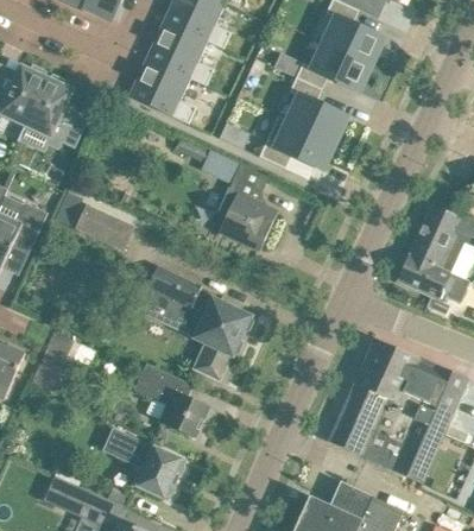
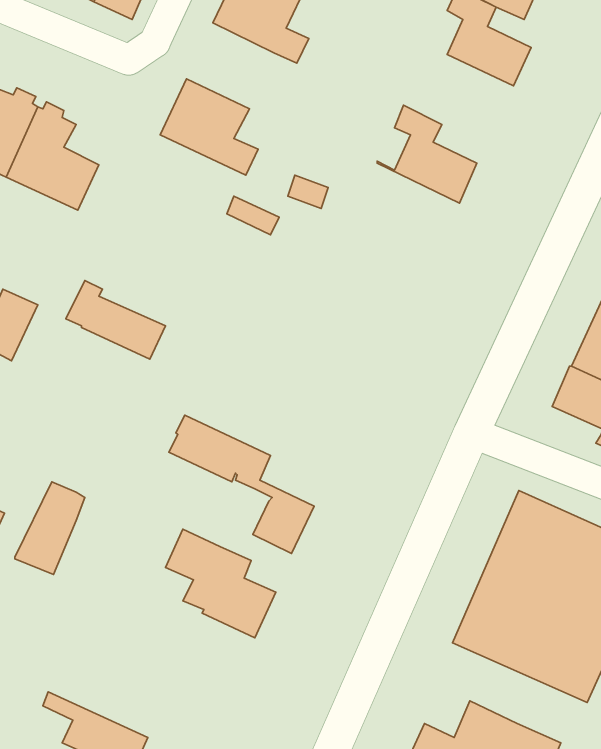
building: [147,20,213,86] -> none
building: [295,42,369,89] -> none
building: [258,115,333,167] -> none
building: [216,163,277,249] -> none
building: [146,264,249,349] -> none
building: [115,432,184,499] -> none

